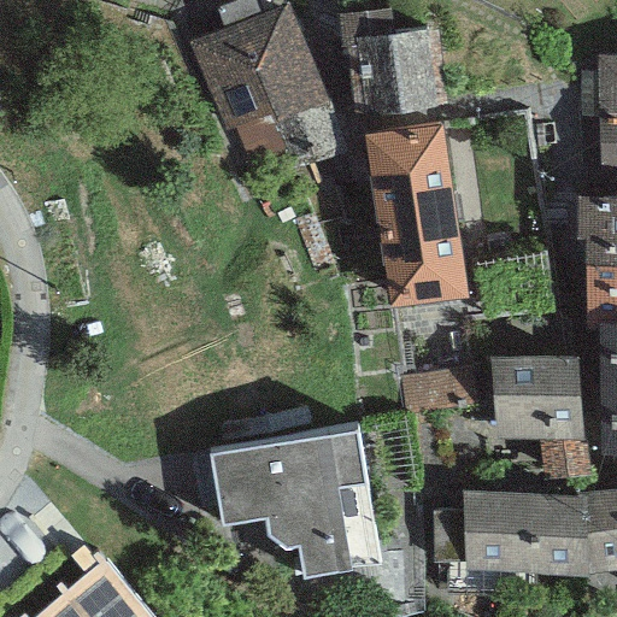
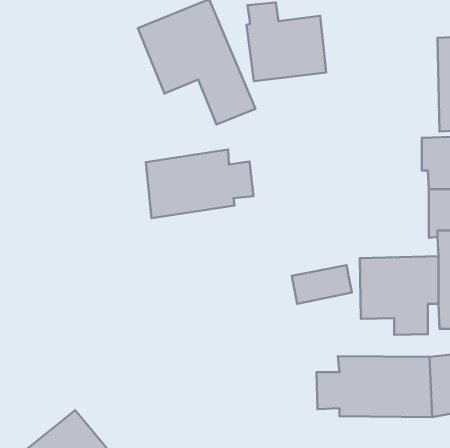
building: [365,121,470,305] -> none
building: none -> [146,150,254,218]
building: [212,428,381,578] -> none

